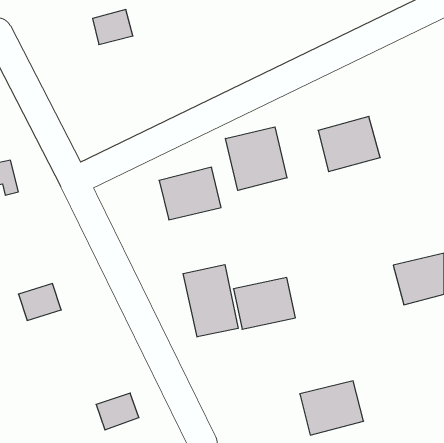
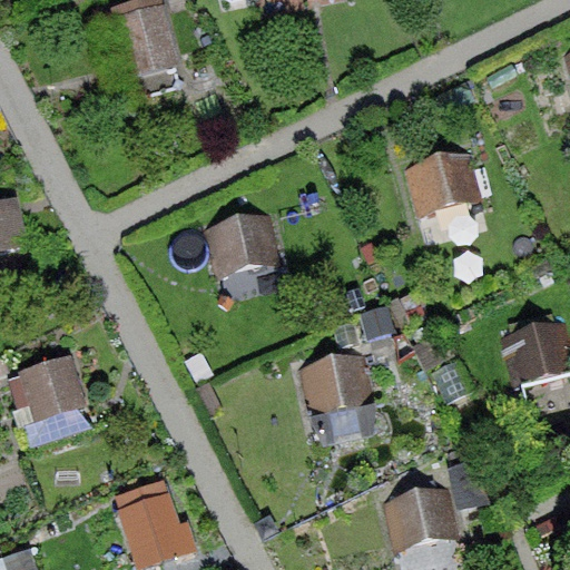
building: [225,127,287,190] -> none
building: [183,265,238,337] -> none

